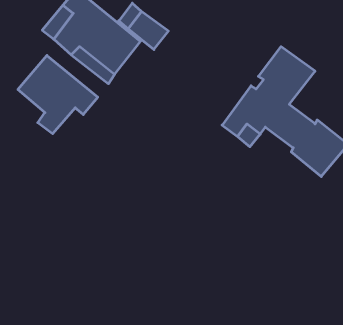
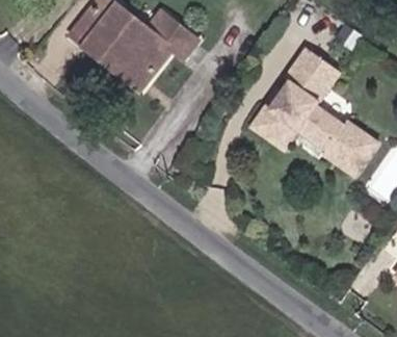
building: [18,55,98,134] -> none

